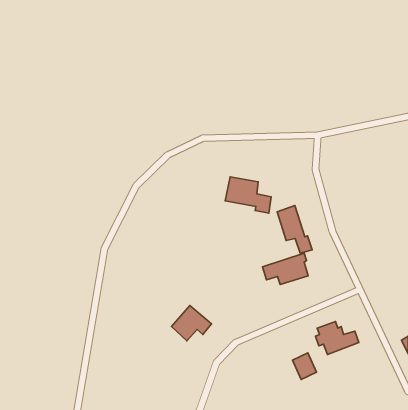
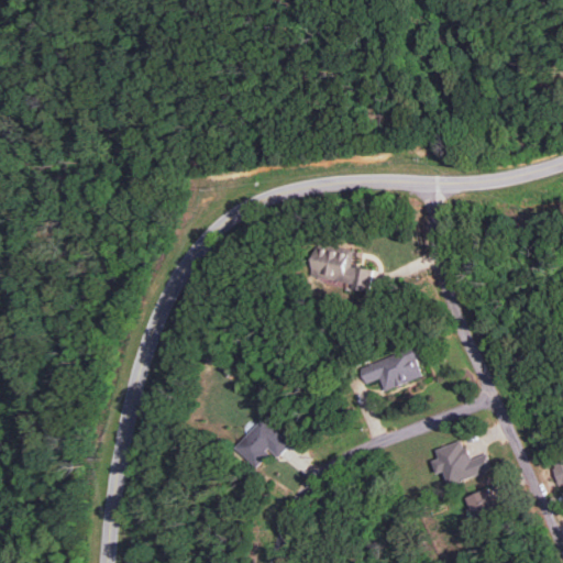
building: [277,206,312,253] -> none
building: [292,353,317,379] -> [463,488,496,525]

